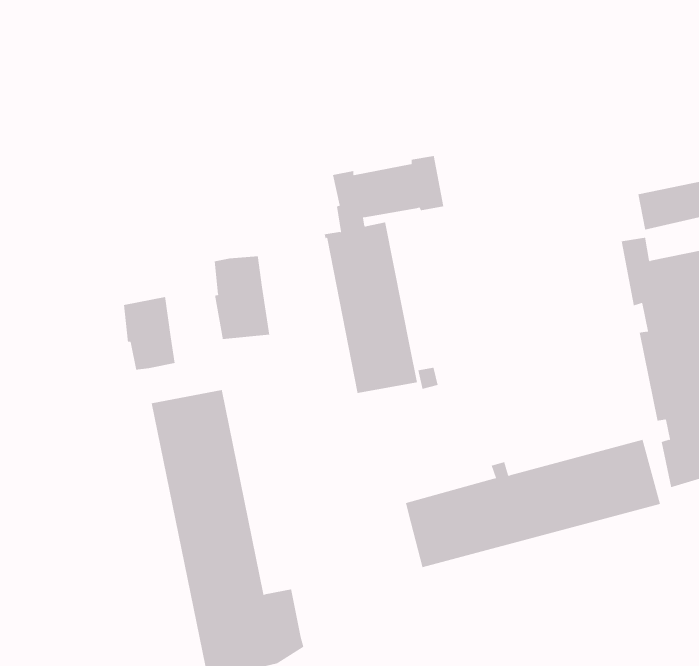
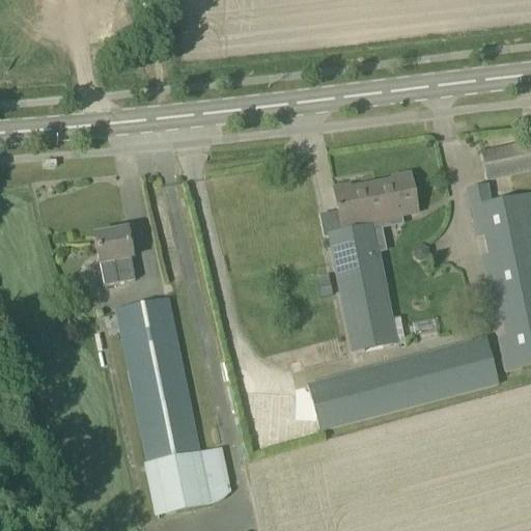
building: [324,155,444,394] -> [327,172,417,351]
building: [214,256,270,340] -> none

